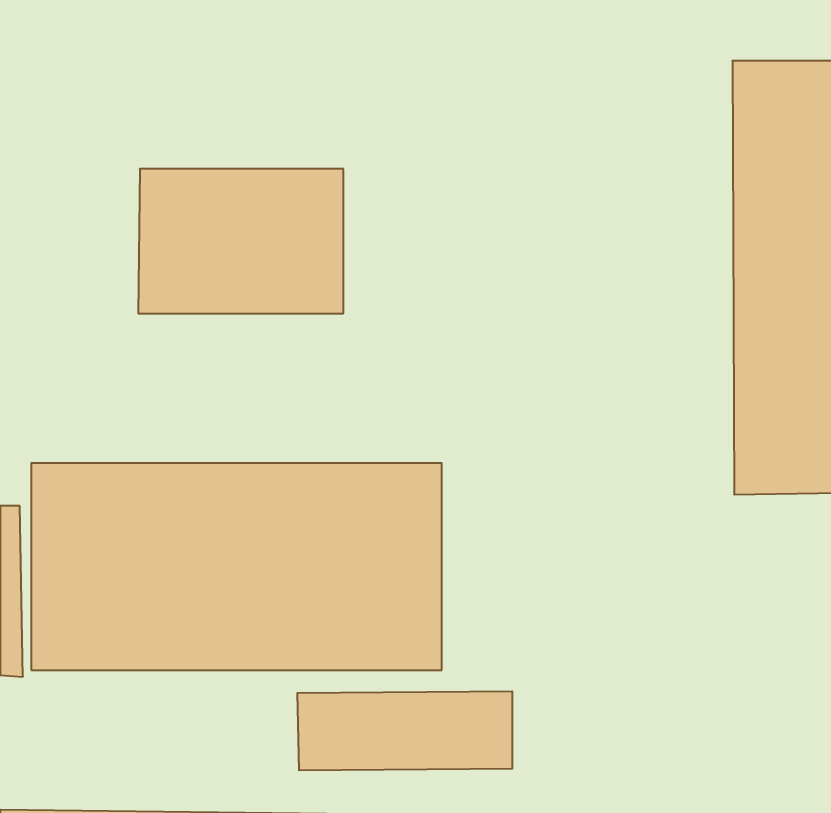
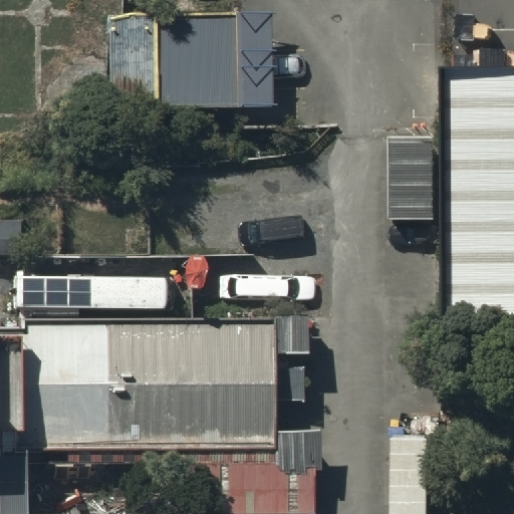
building: [138,169,343,313] -> [109,21,235,109]

